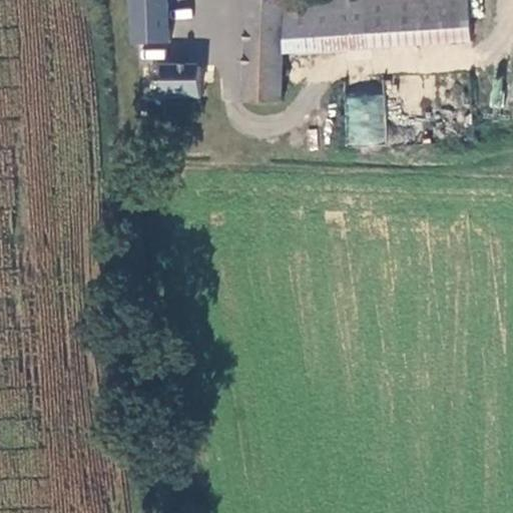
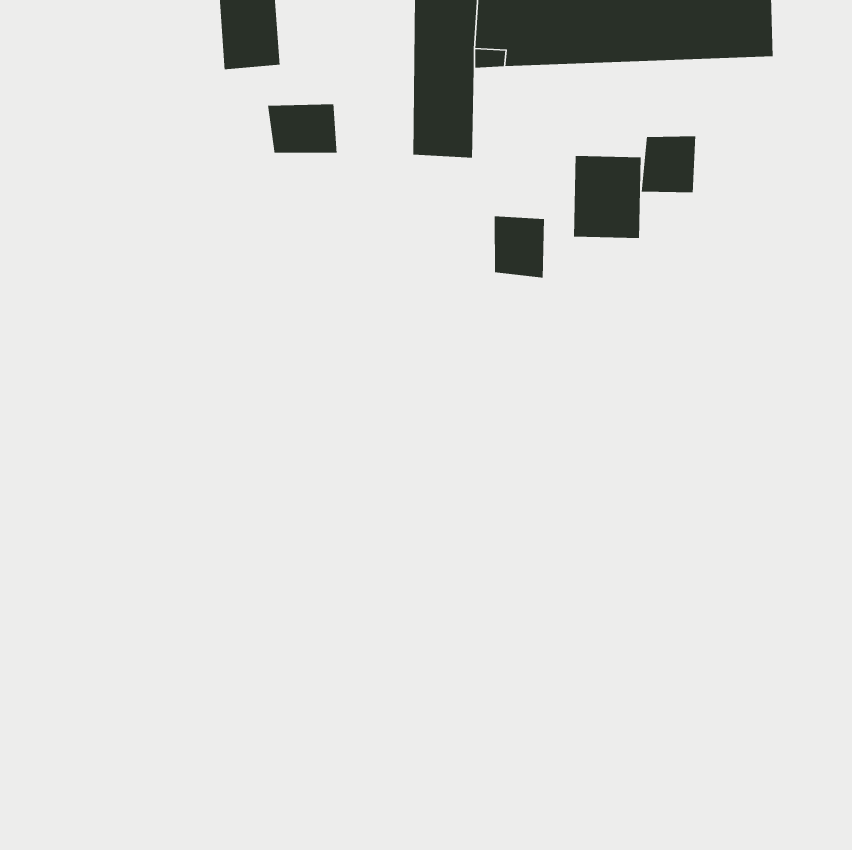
building: none -> [641,136,696,193]
building: none -> [494,216,545,279]

